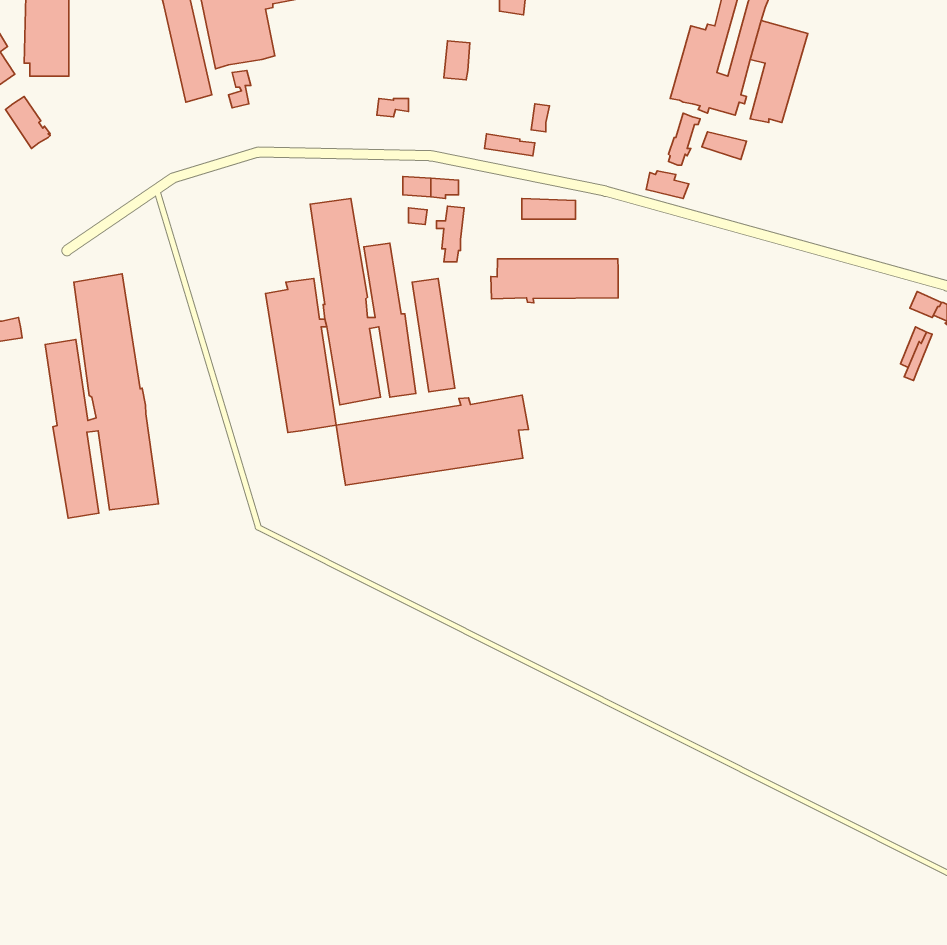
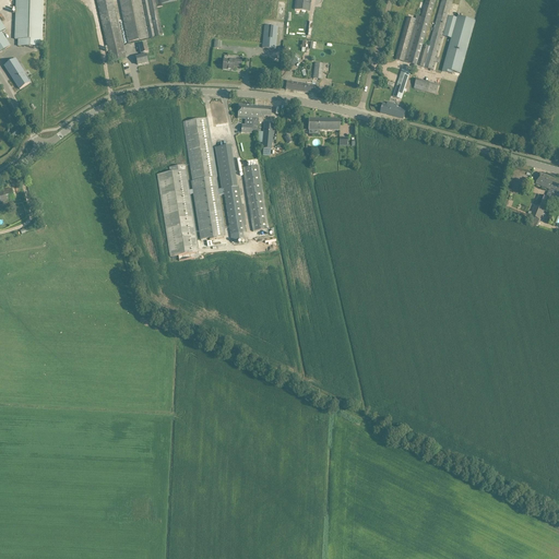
building: [491,259,618,303] -> none
building: [45,274,158,518] -> none
building: [336,395,528,485] -> none

